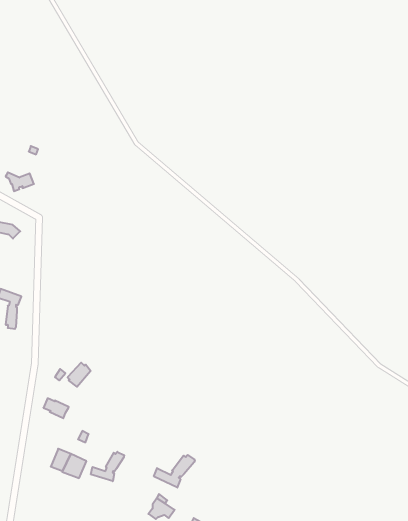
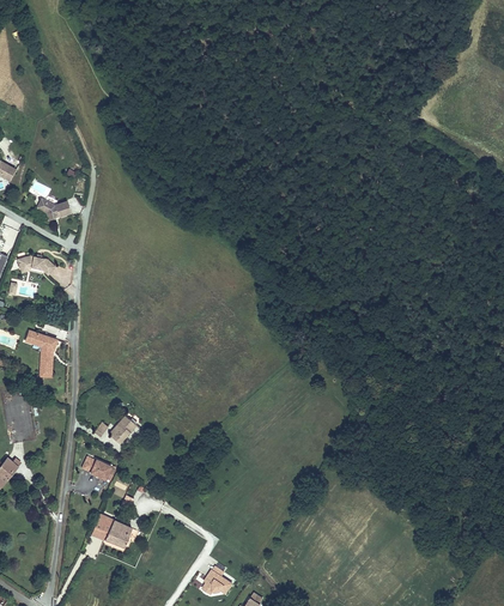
building: [91,452,124,481] -> none
building: [154,455,195,488] -> none

